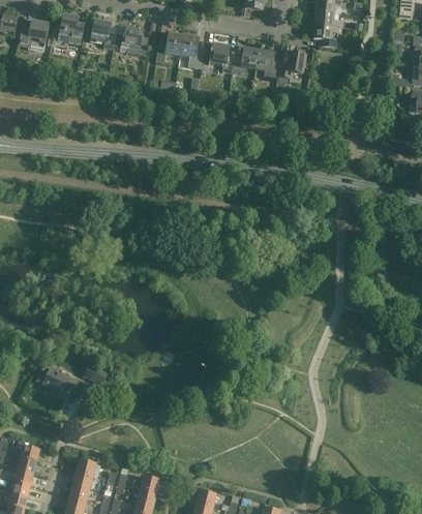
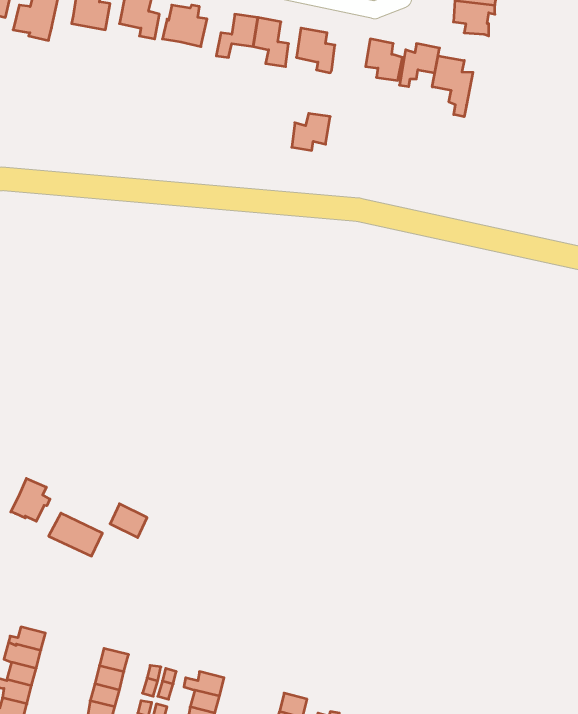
building: [233,48,259,72] -> [292,113,330,150]
building: none -> [432,56,473,117]
building: none -> [11,478,50,521]

